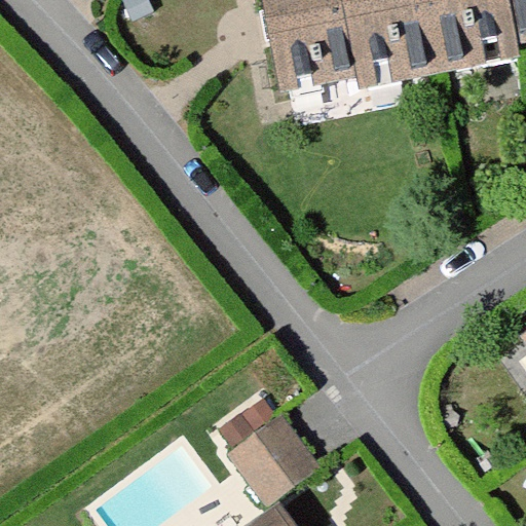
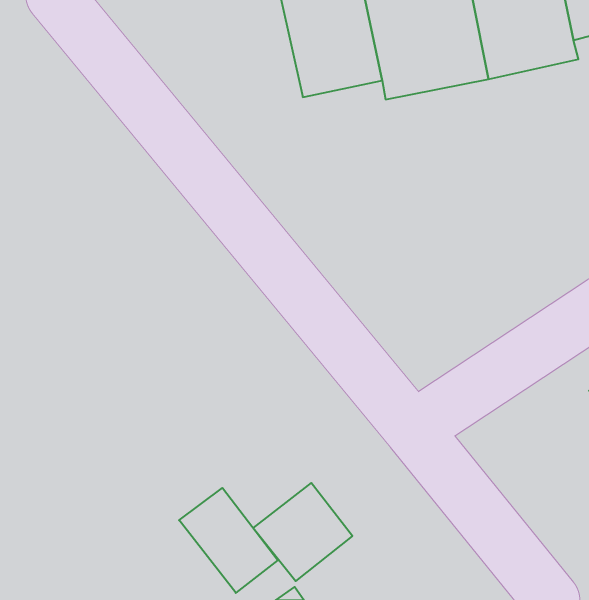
building: none -> [179,488,278,593]

